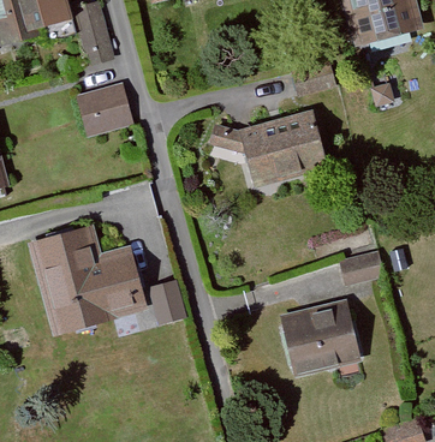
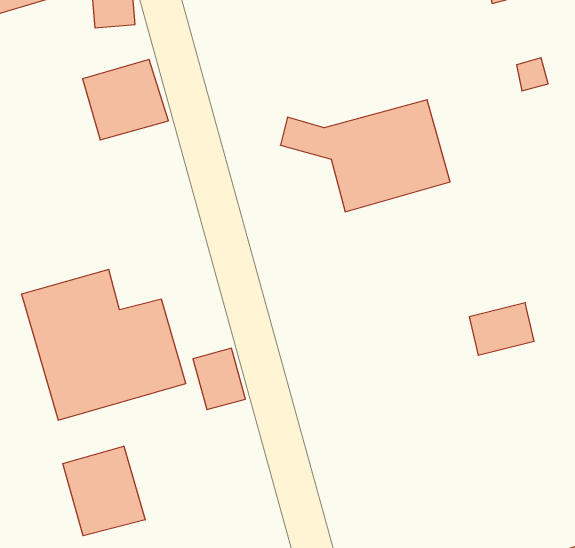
building: [280,301,362,376] -> none
building: none -> [63,446,145,536]

